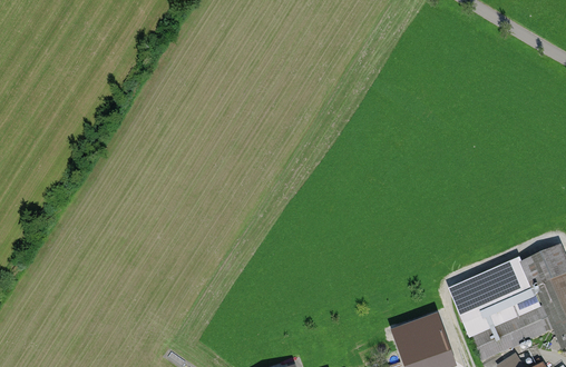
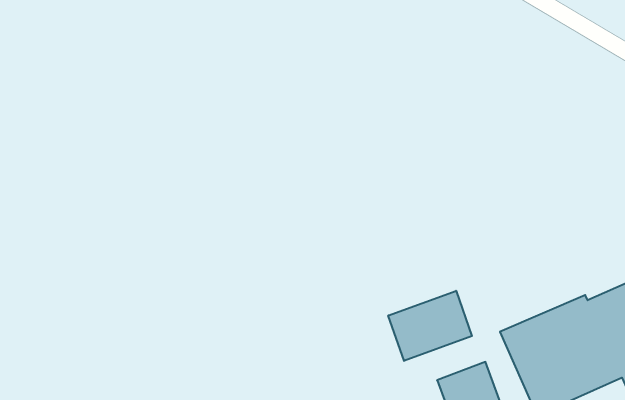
building: none -> [388,291,472,361]

